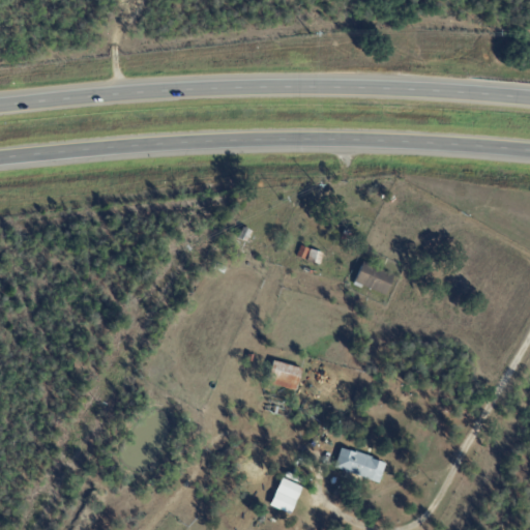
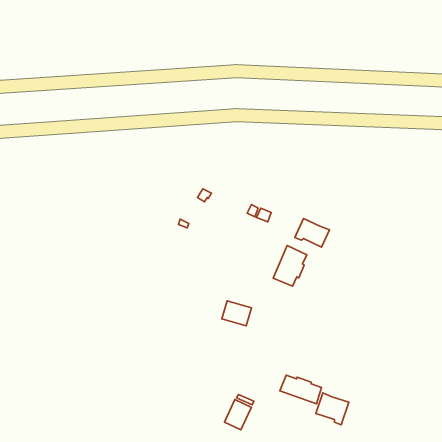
building: none -> [273,246,307,286]
building: none -> [316,393,349,425]

